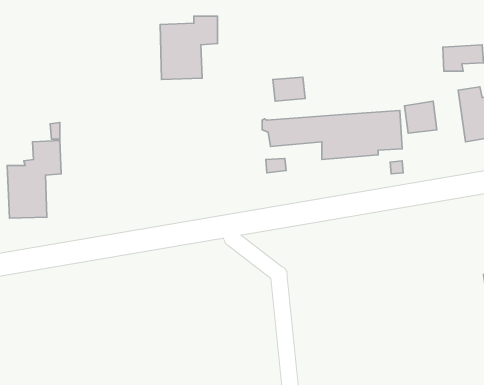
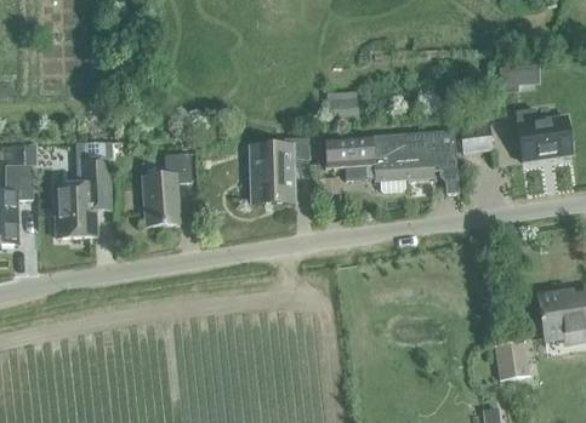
building: [160,16,218,79] -> [249,137,307,201]
building: none -> [143,154,193,227]
building: none -> [493,341,528,379]

